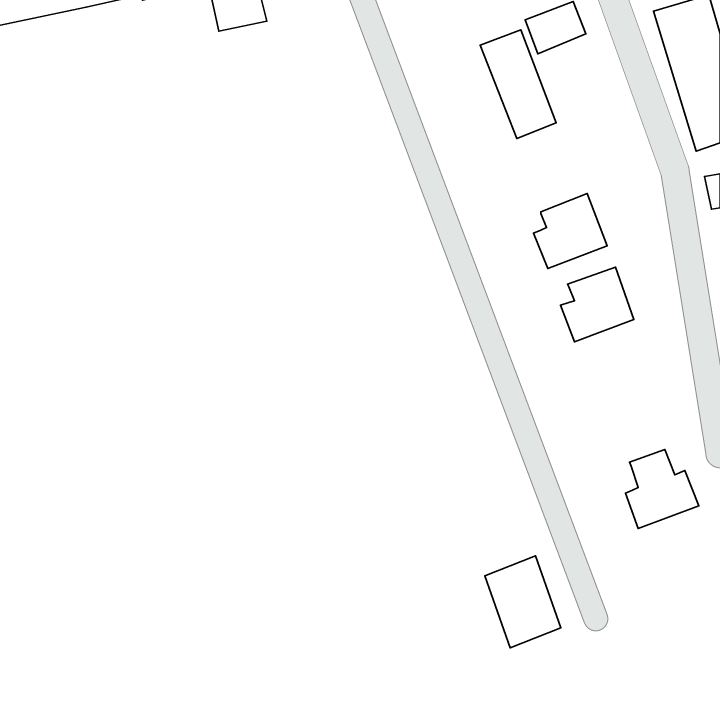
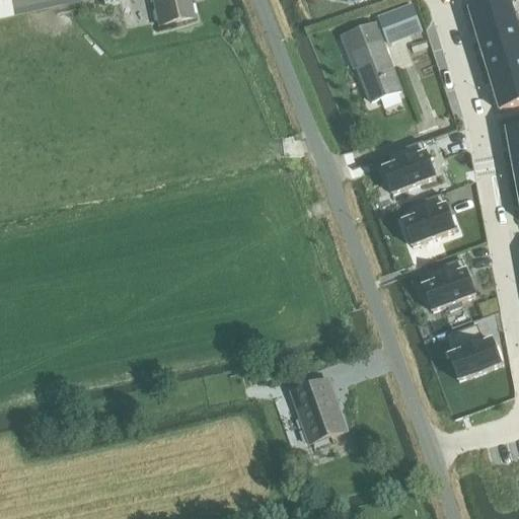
building: none -> [423,256,476,310]
building: [485,556,561,648] -> [291,376,346,442]

